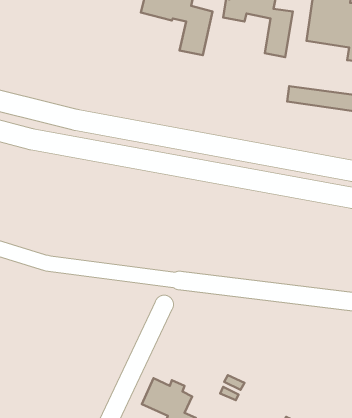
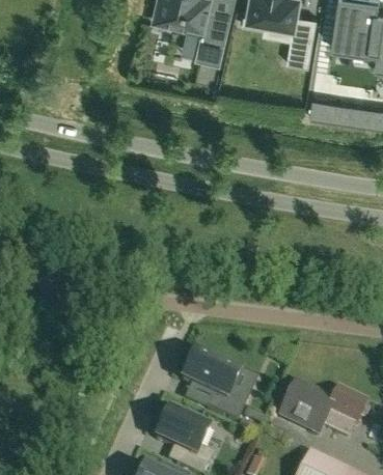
building: none -> [182,352,247,421]
building: none -> [279,382,368,436]

